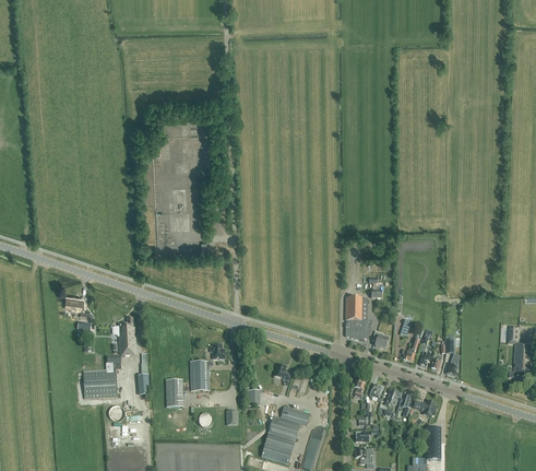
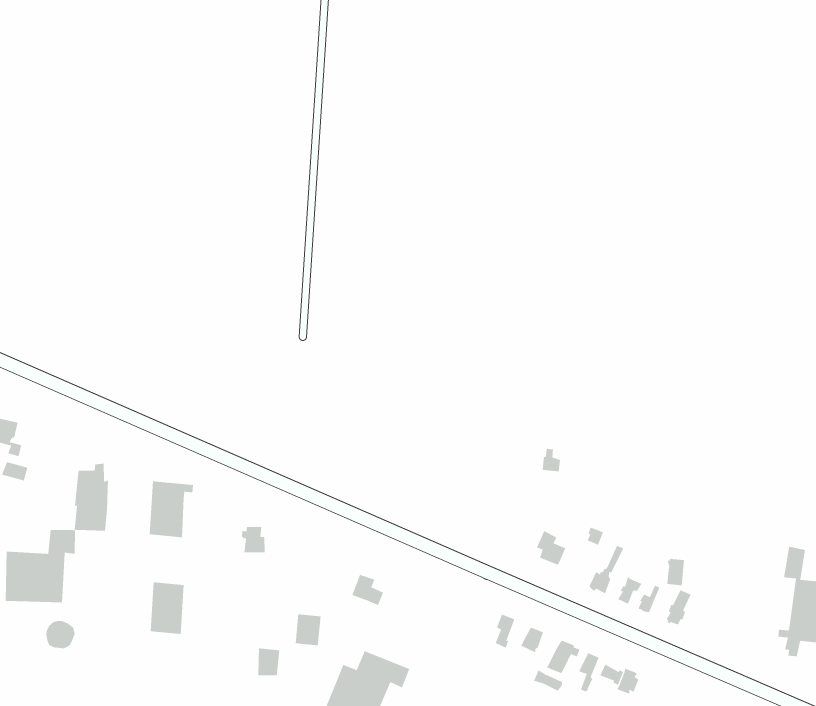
building: [345,297,372,340] -> none
building: [190,361,213,390] -> [149,481,194,538]

